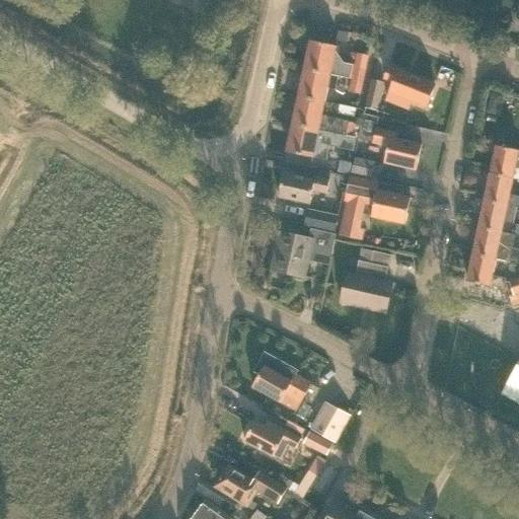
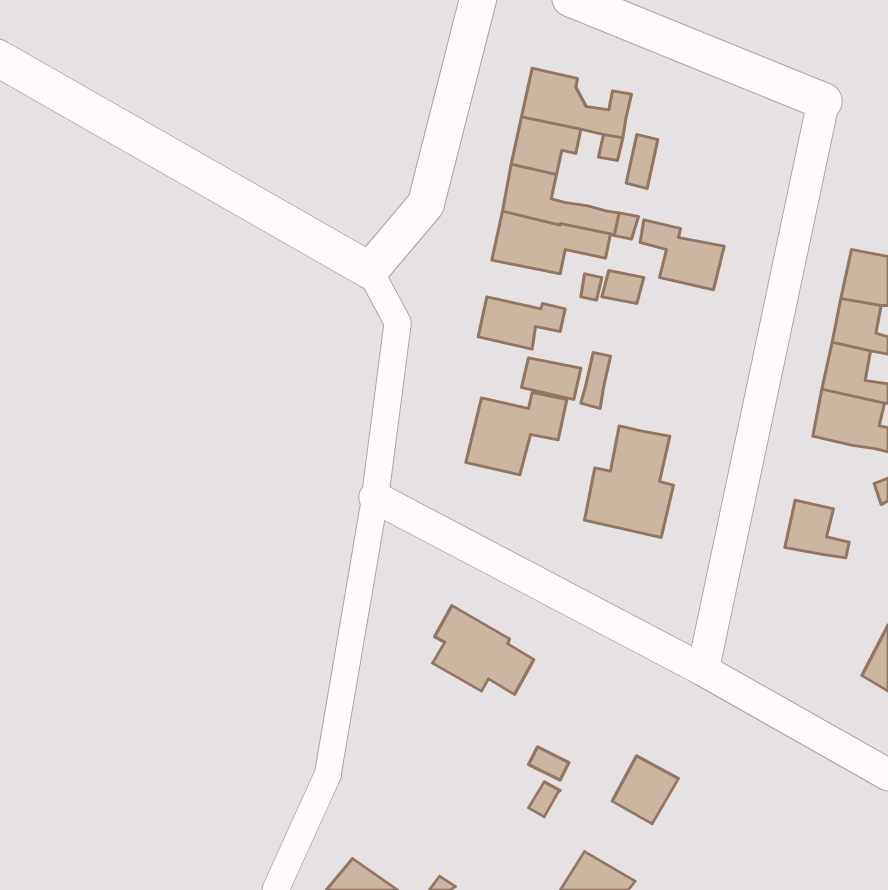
building: [383,68,434,107] -> none
building: [346,175,410,223] -> none
building: [466,253,504,287] -> [785,500,849,558]
building: [310,401,349,441] -> [612,756,678,824]
building: [243,420,300,455] -> none
building: [214,464,287,507] -> none

